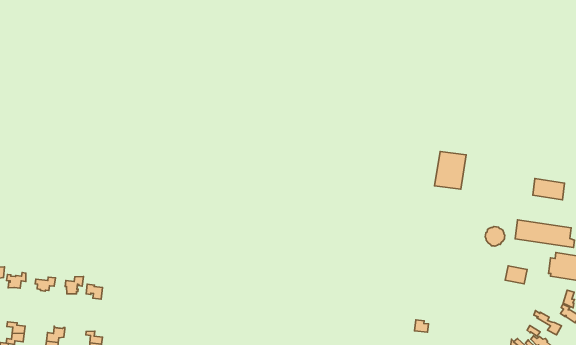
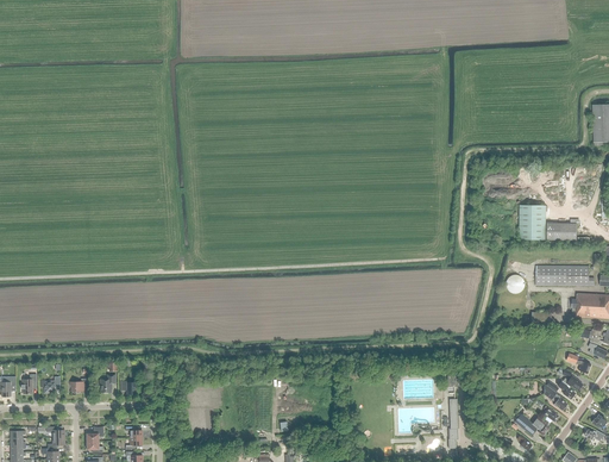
building: [435,152,466,189] -> [519,204,546,238]

